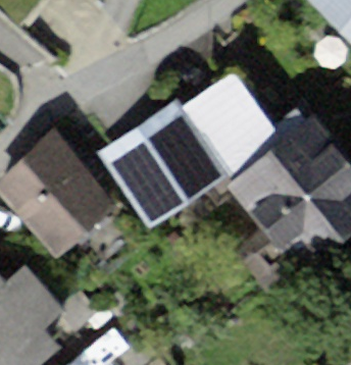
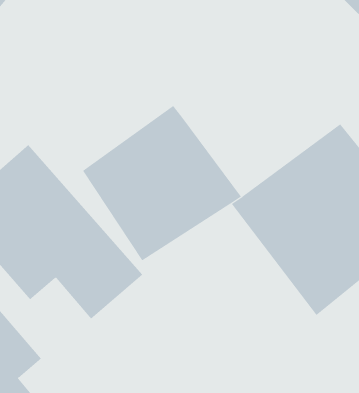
building: [183,70,315,174] -> none

